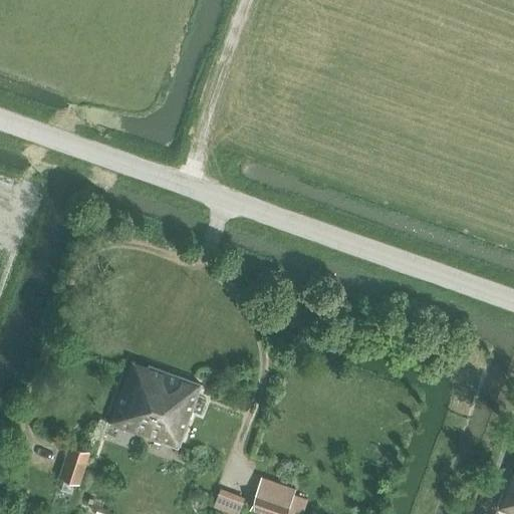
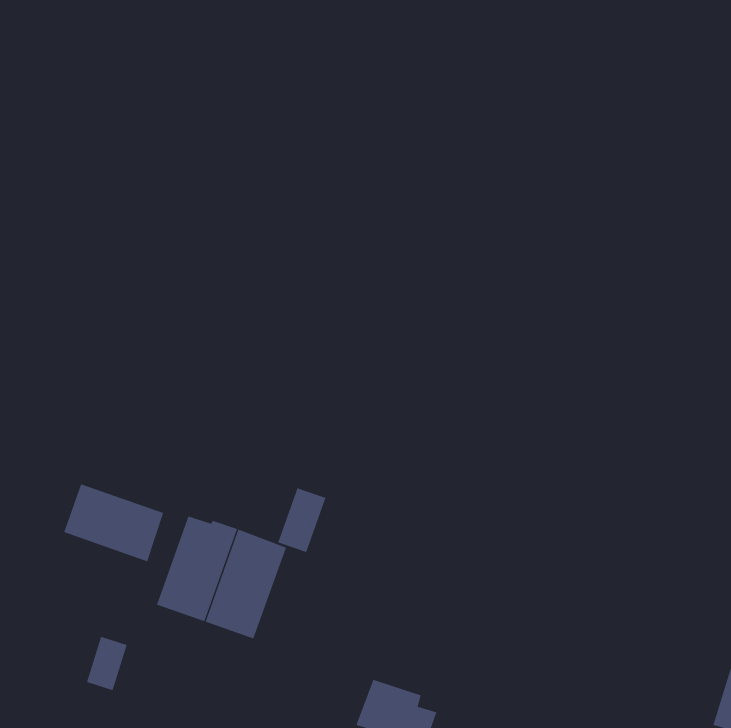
building: none -> [63,484,164,562]
building: none -> [278,487,326,553]

